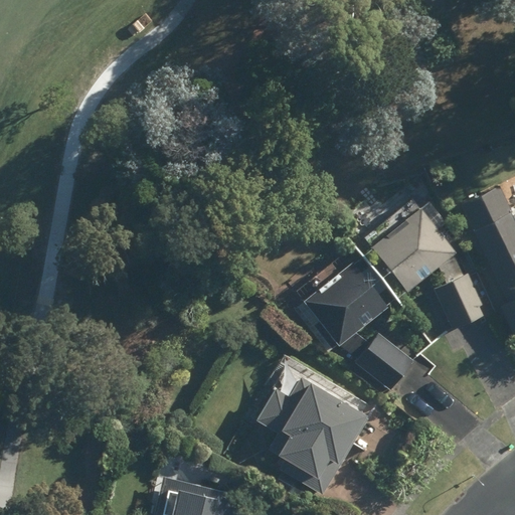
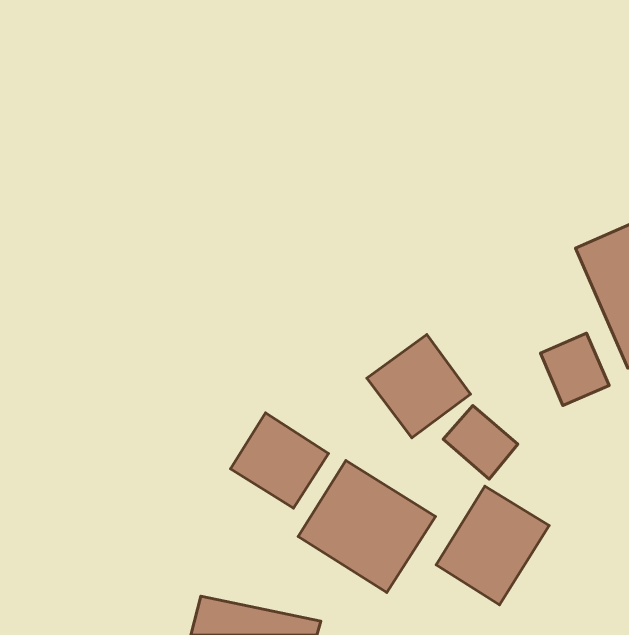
building: [366,202,458,290] -> none
building: none -> [230,413,329,508]
building: none -> [436,486,549,605]

